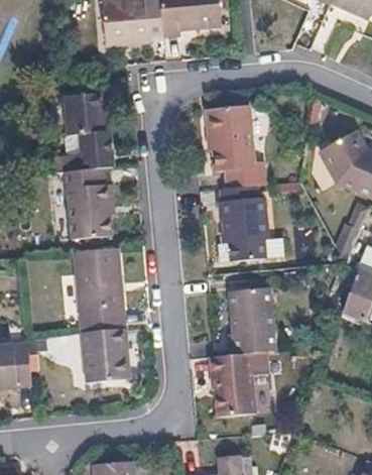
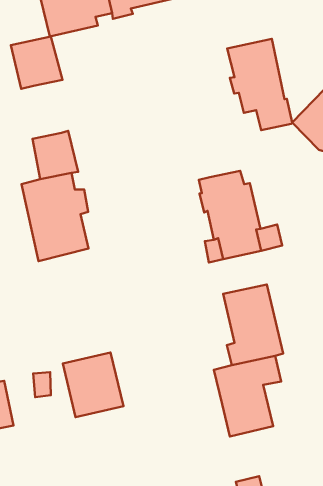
building: [65,92,106,134] -> [11,36,62,89]
building: [210,109,259,188] -> [227,39,292,130]
building: [73,249,123,334] -> none

